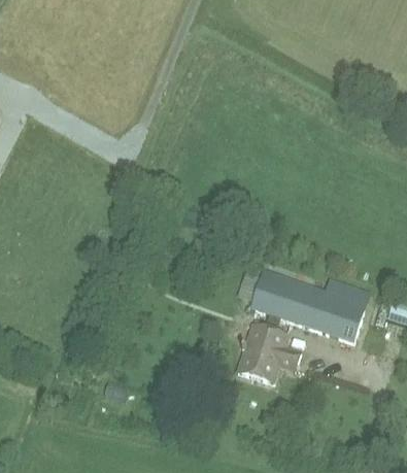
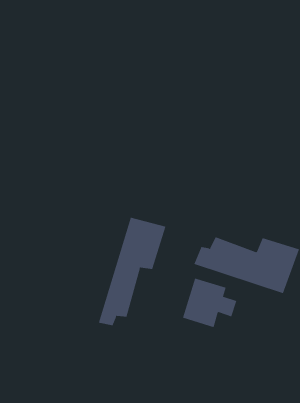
building: none -> [98,217,166,326]

